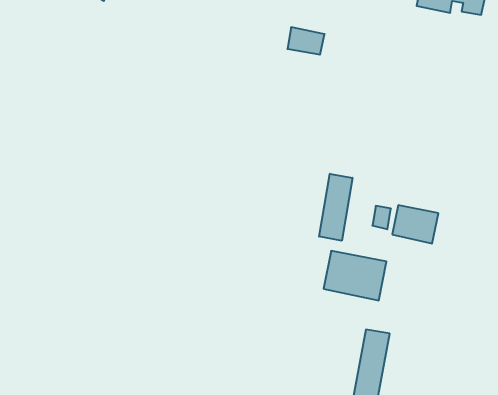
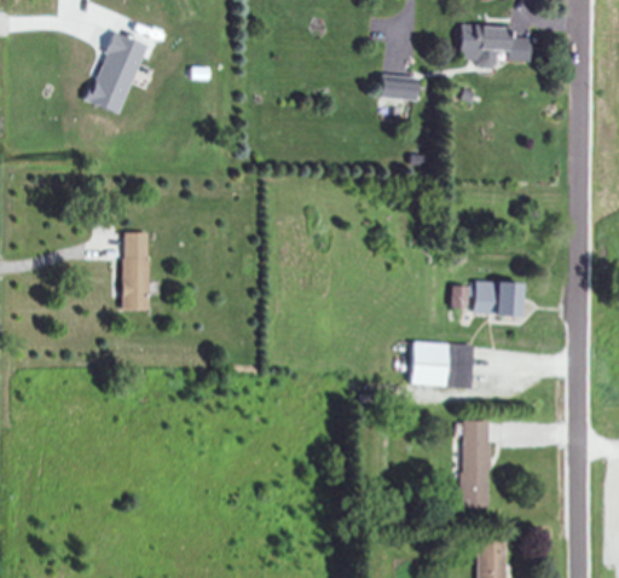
building: [287,27,325,55] -> [377,74,415,98]
building: none -> [122,231,149,310]
building: [319,174,352,241] -> none

